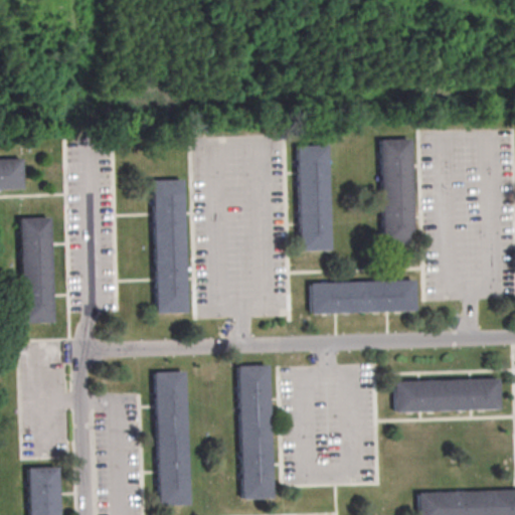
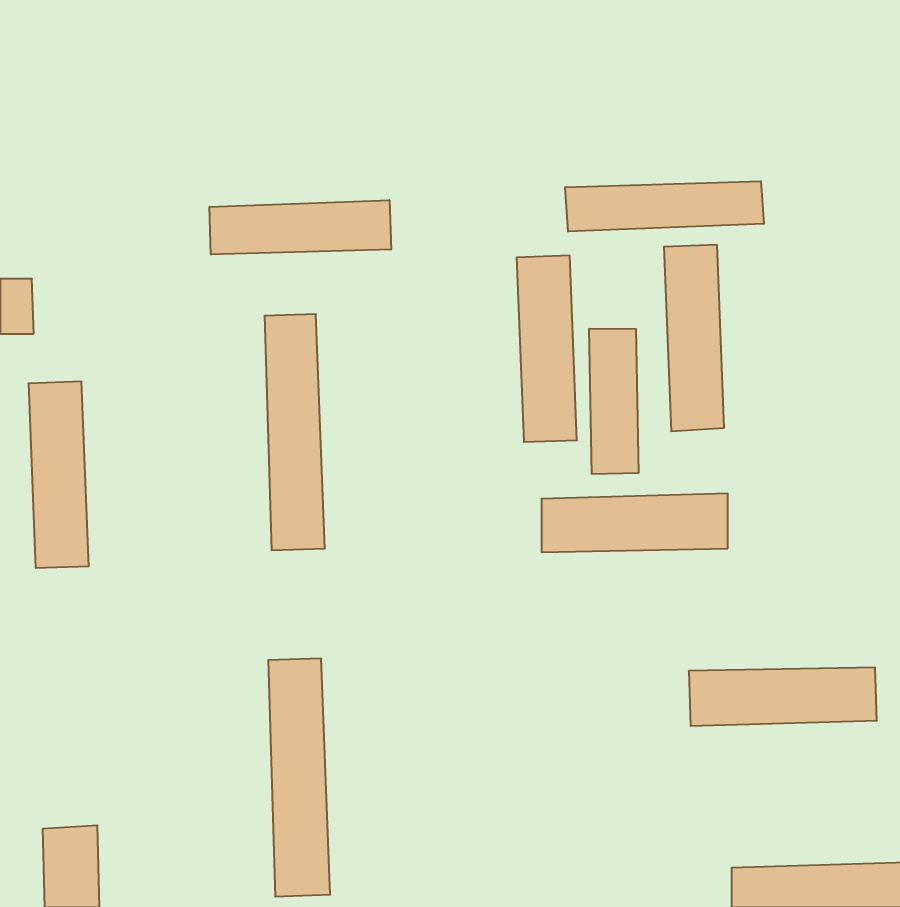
building: none -> [565,181,764,232]
building: none -> [209,200,391,255]
building: none -> [589,329,639,474]
building: [239,366,275,501] -> none

